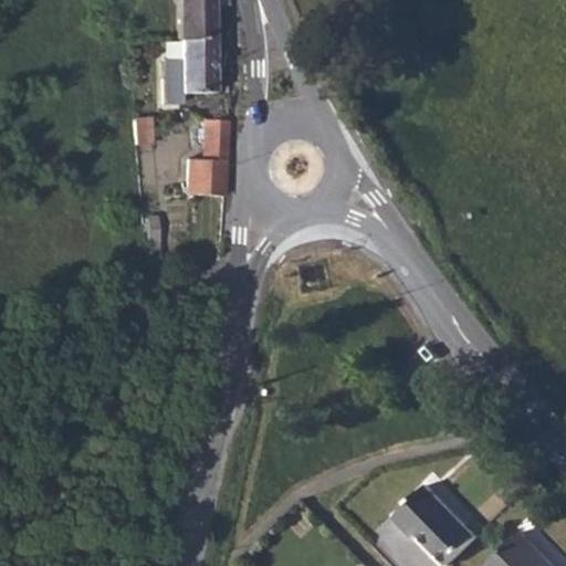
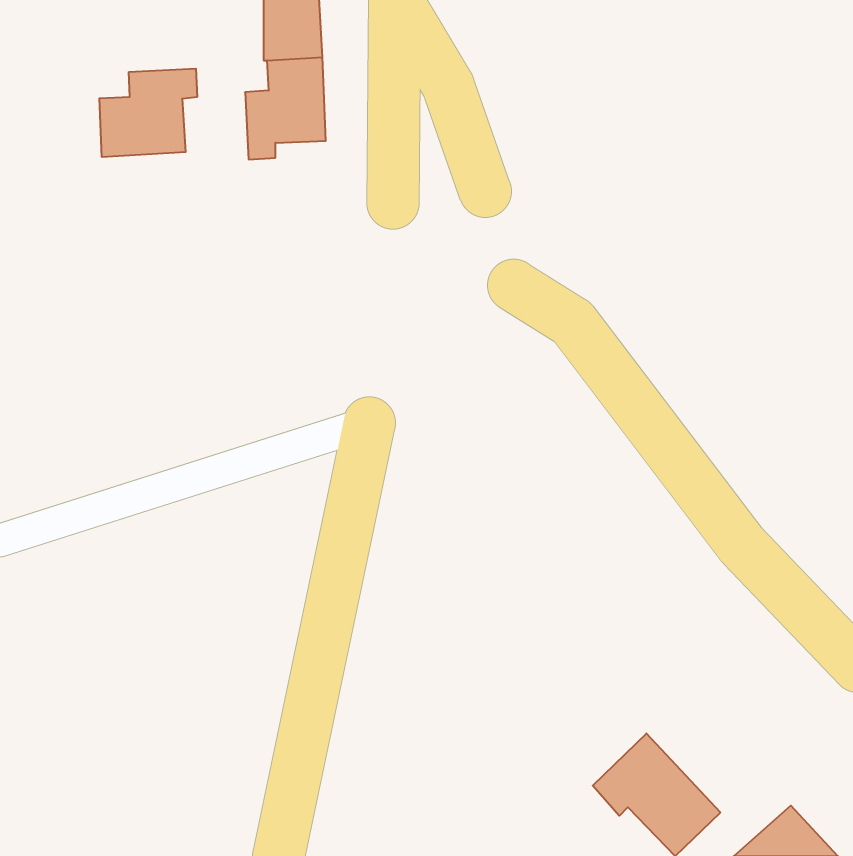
building: none -> [99,69,197,157]
building: [192,123,231,200] -> none

